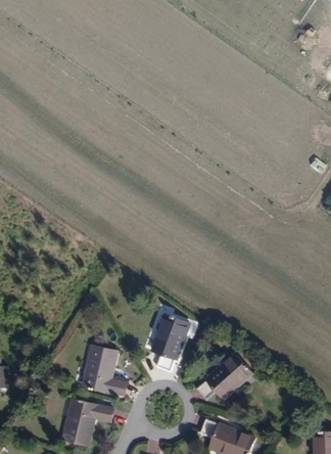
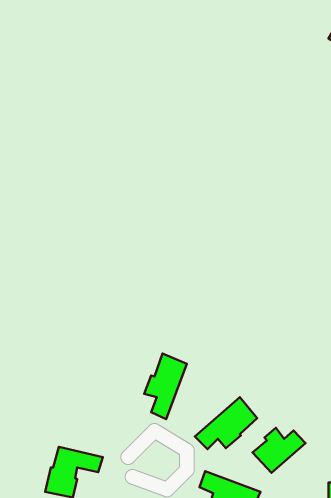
building: [88,346,130,397] -> none
building: none -> [252,428,306,473]

